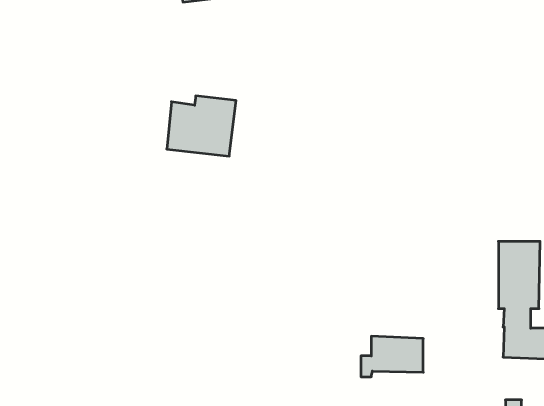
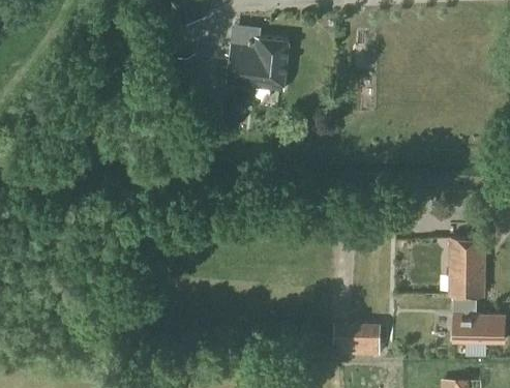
building: [167,96,236,156] -> [228,36,290,90]

